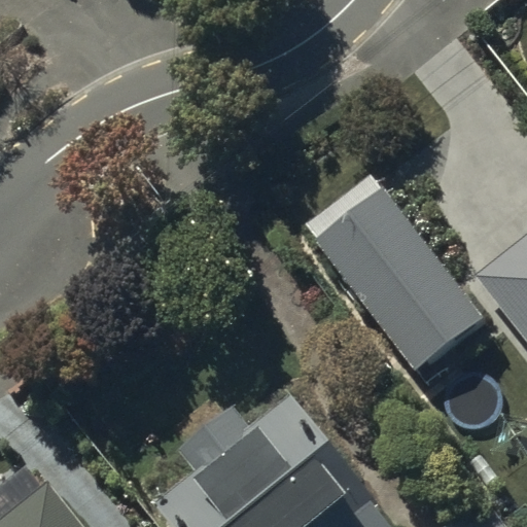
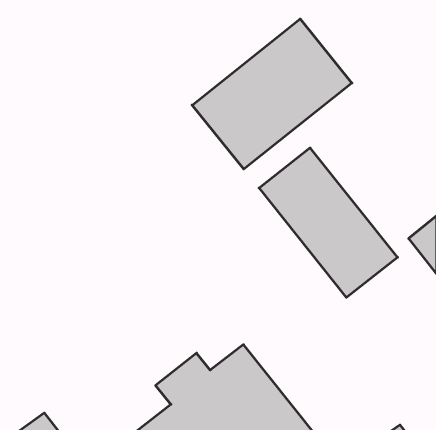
building: none -> [192,19,352,169]

